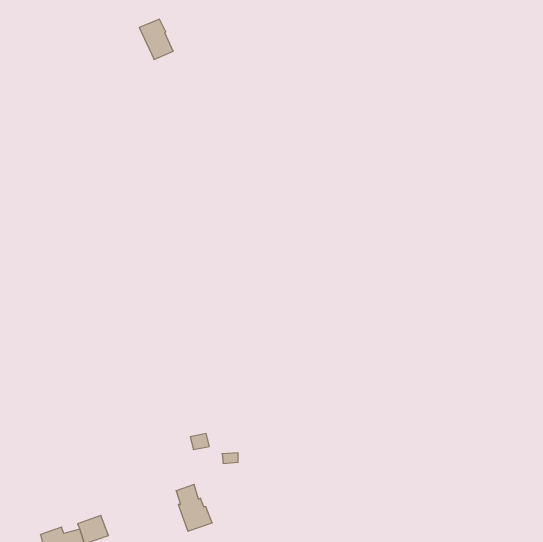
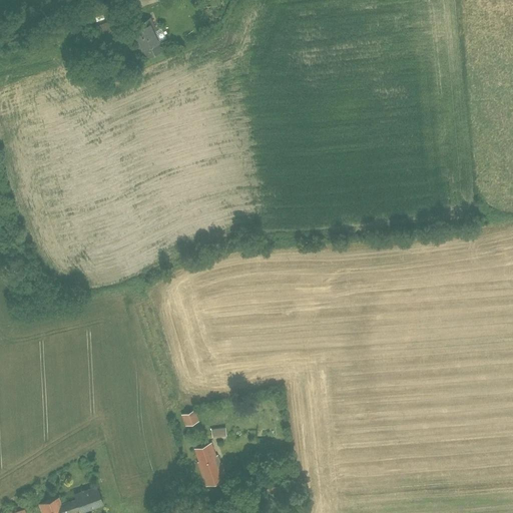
building: [176,484,212,531] -> [193,444,227,488]

